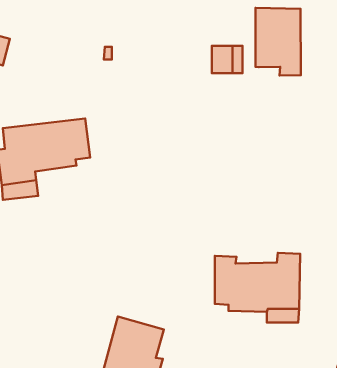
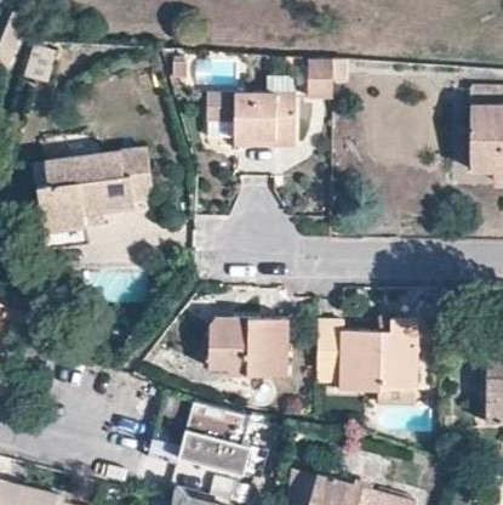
building: [255,8,301,75] -> none
building: none -> [207,95,297,148]
building: none -> [207,317,286,374]

